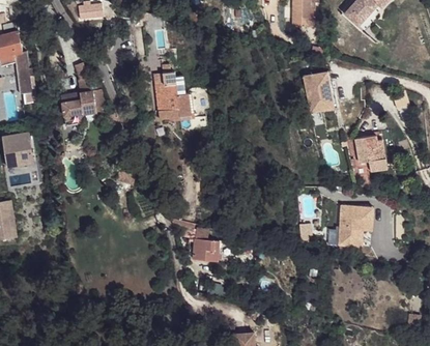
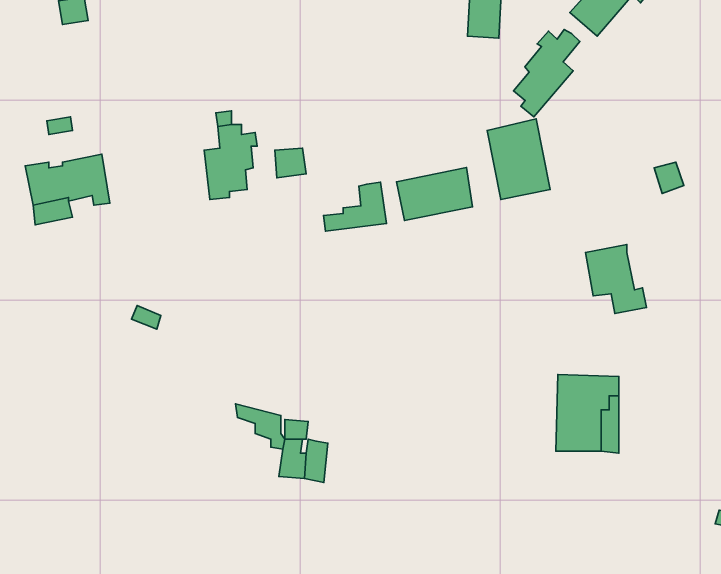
building: none -> [514,29,580,117]
building: [156,95,190,121] -> [324,182,386,231]
building: none -> [397,168,473,220]

